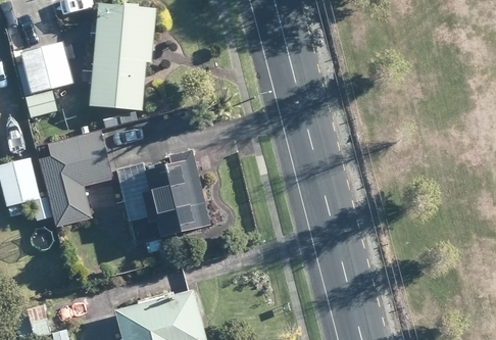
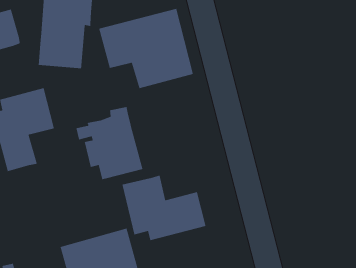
building: none -> [98,8,194,89]
building: none -> [122,174,207,241]

